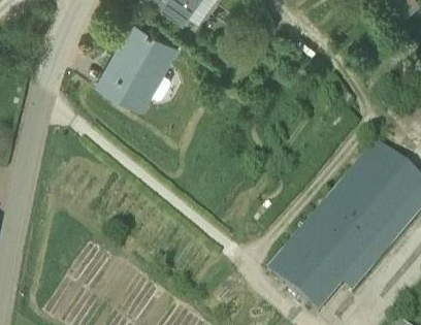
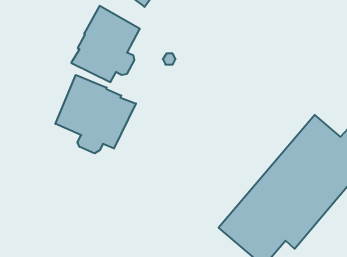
building: none -> [55,75,136,153]

